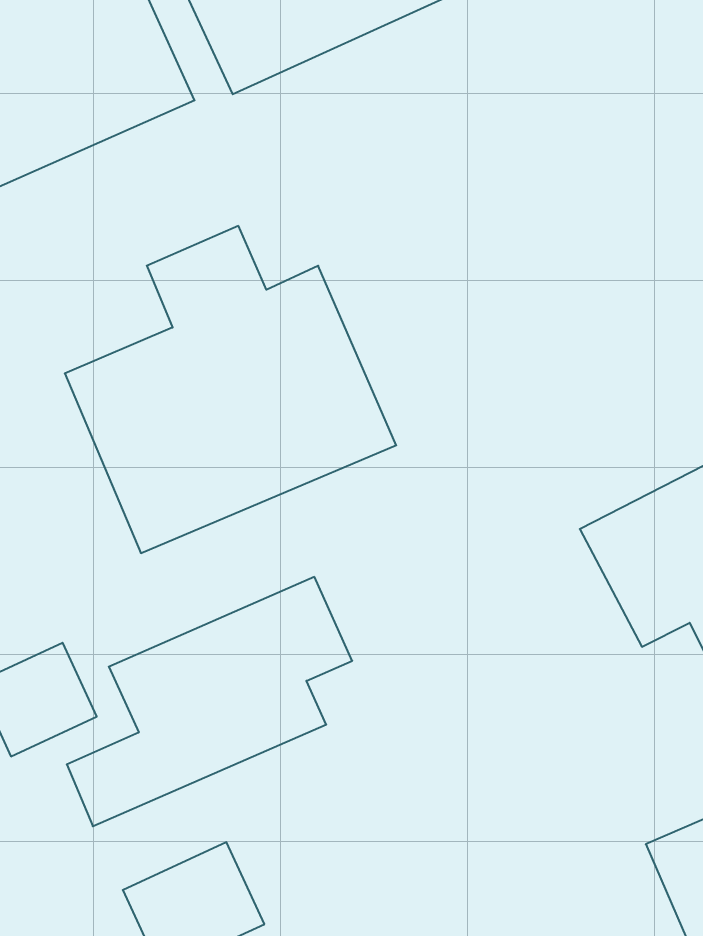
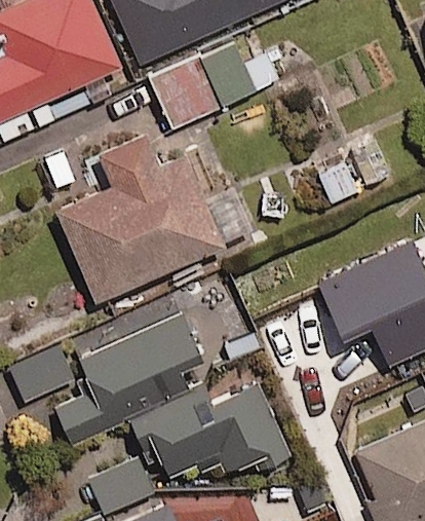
building: none -> [150,41,278,128]
building: none -> [128,382,292,480]

